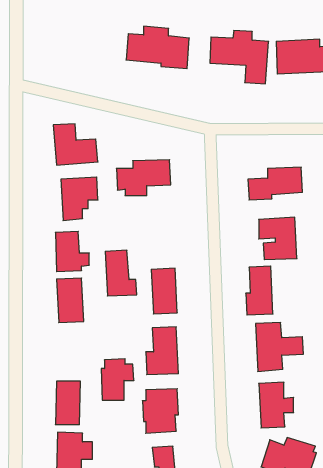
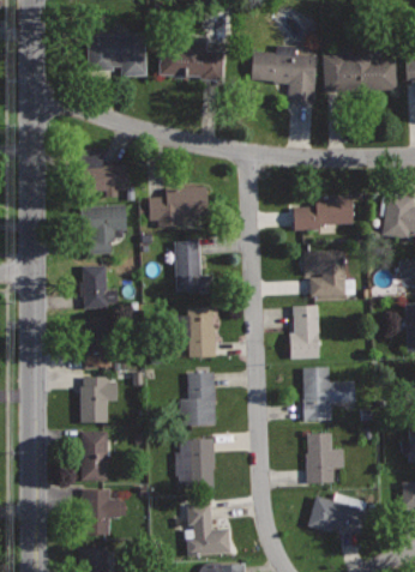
building: none -> [86,34,146,77]
building: [105,250,137,296] -> [175,242,210,293]
building: [101,359,134,400] -> [82,377,118,422]

